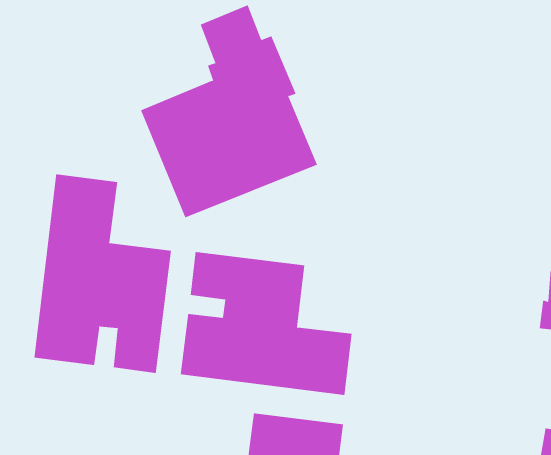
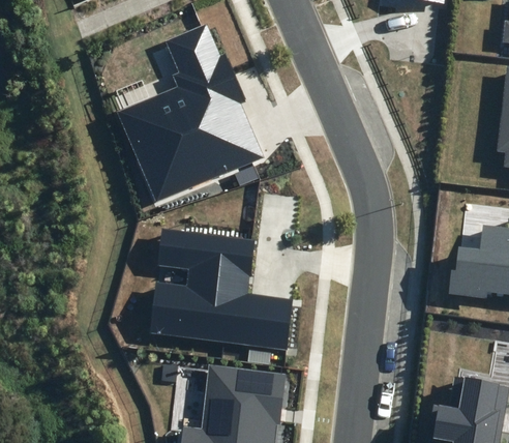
building: [34,174,172,374] -> none

